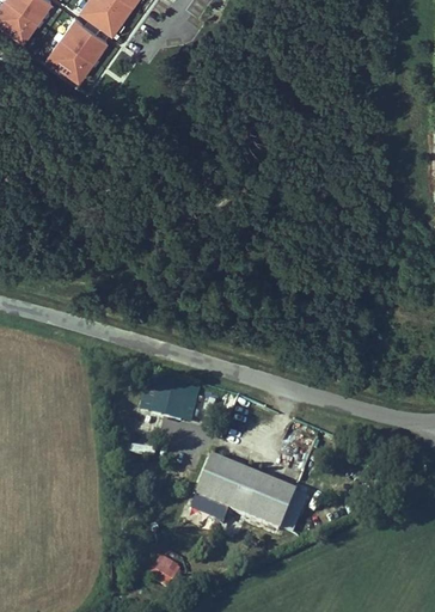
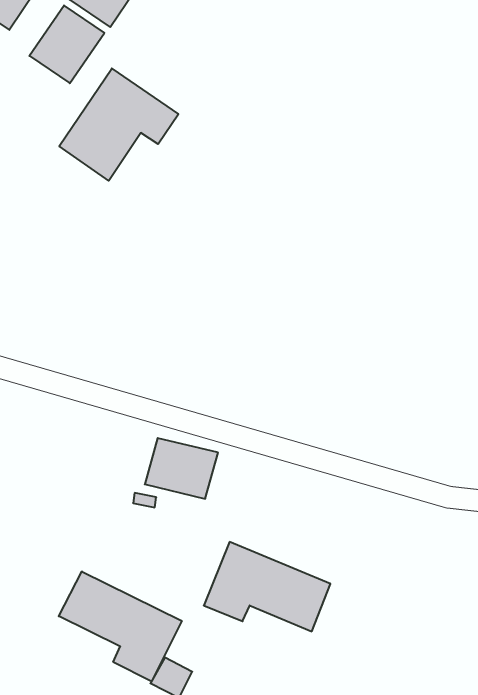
building: none -> [59,68,178,181]
building: none -> [59,571,182,681]

